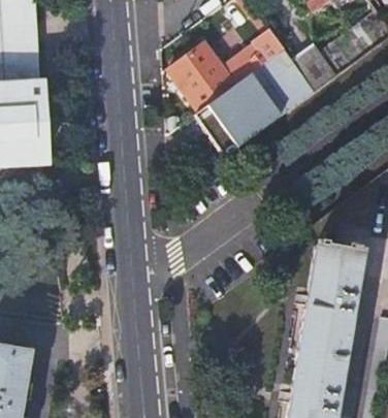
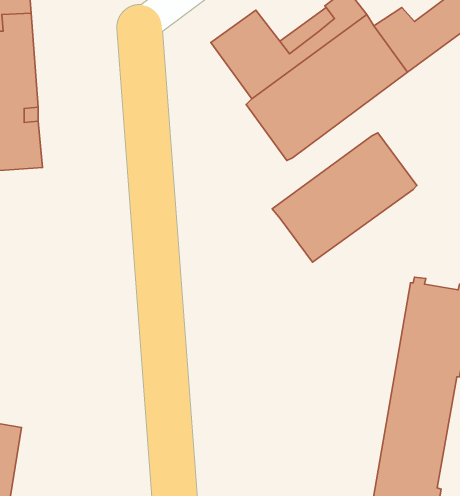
building: none -> [272,133,417,262]

